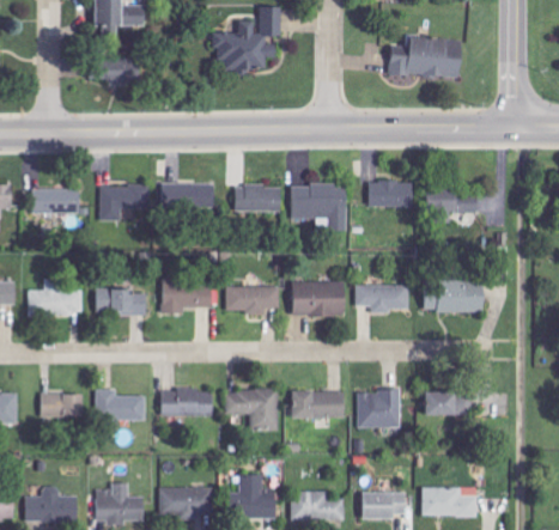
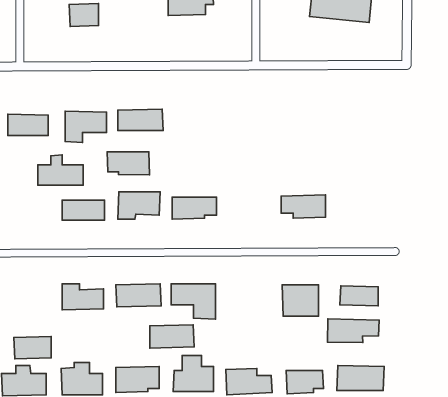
building: [369,181,413,206] -> none
building: [290,183,346,230] -> none
building: [235,184,280,212] -> none
building: [426,196,476,220] -> none
building: none -> [107,152,149,175]
building: [28,278,81,313] -> [38,155,83,185]
building: [292,280,346,316] -> none
building: [424,281,485,312] -> none
building: [292,390,345,418] -> [150,325,194,348]
building: [40,391,84,418] -> [14,337,51,359]
building: none -> [327,319,379,343]

